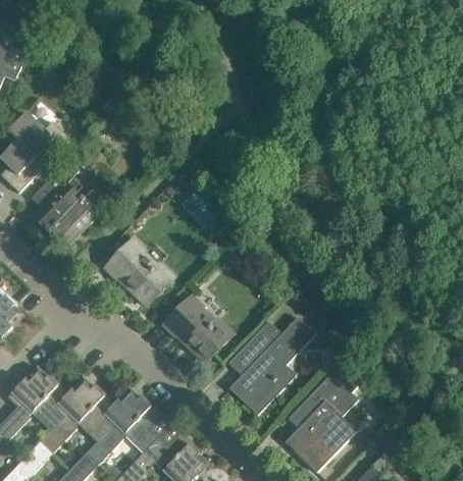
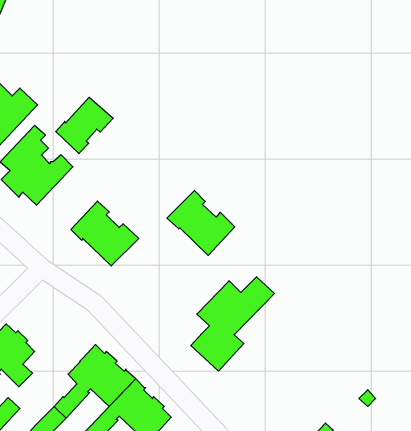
building: none -> [56,97,113,154]
building: [162,297,233,364] -> [167,191,235,255]
building: [288,366,358,473] -> none
building: [39,378,113,455] -> none

